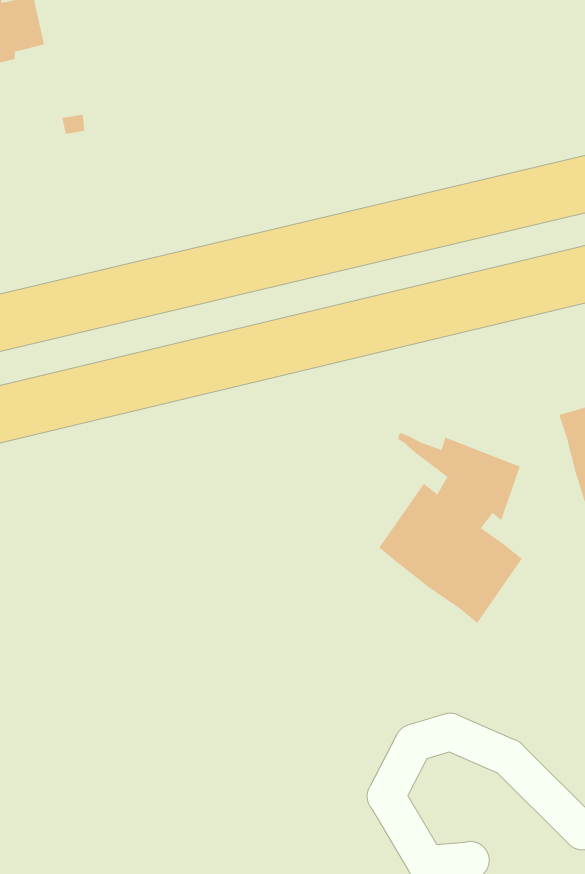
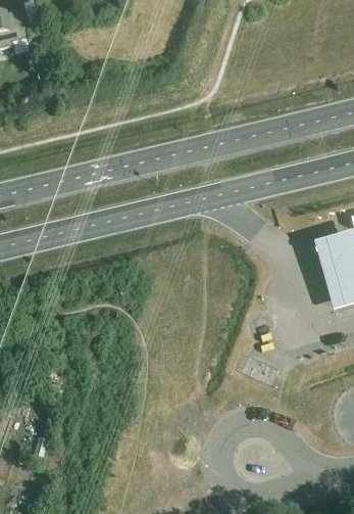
building: [378,432,522,624] -> none

